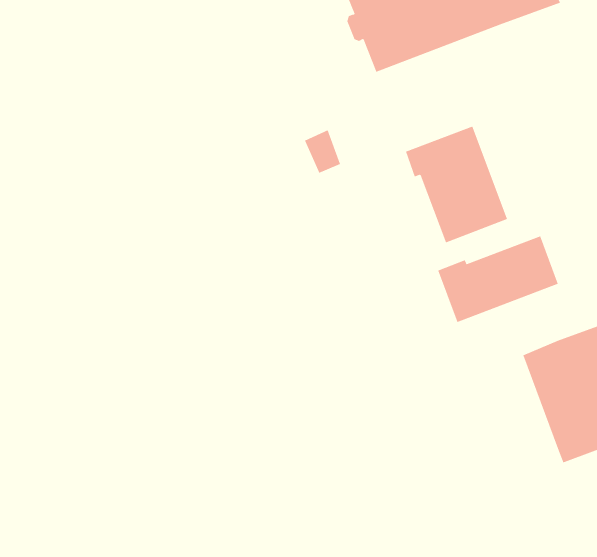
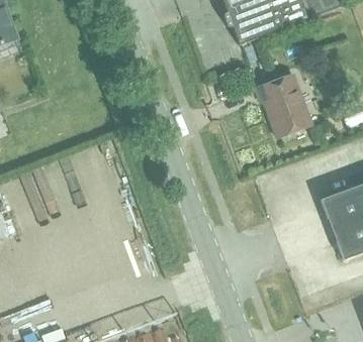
building: [437,236,559,323] -> none

